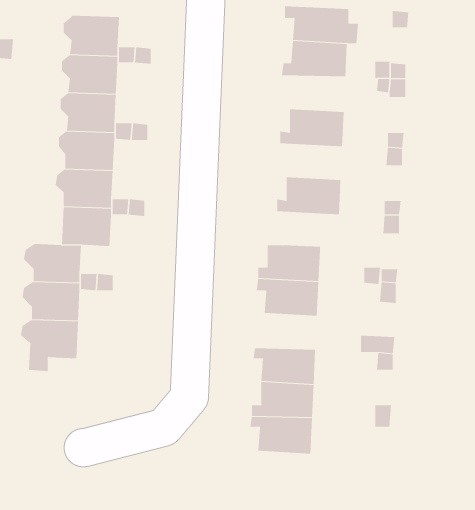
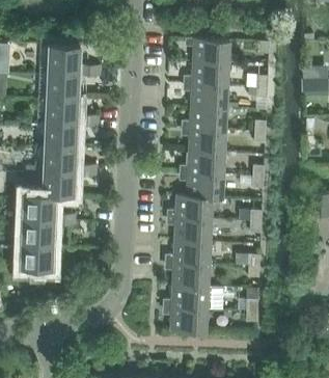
building: none -> [186,84,228,108]
building: none -> [184,129,226,153]
building: none -> [182,173,224,199]
building: none -> [168,240,210,264]

